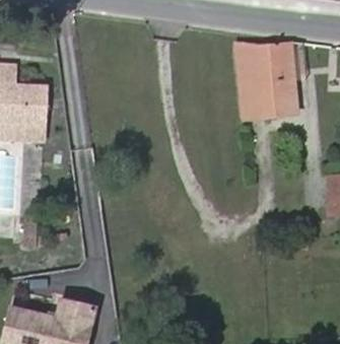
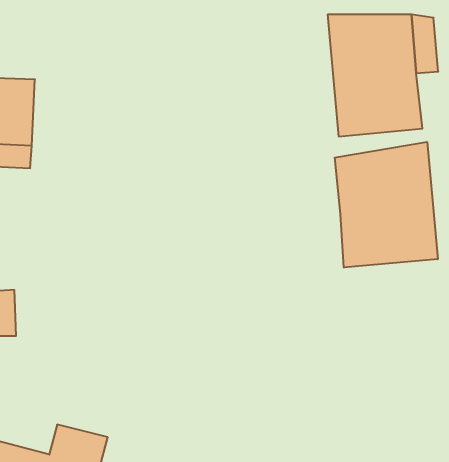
building: none -> [335,142,438,268]

